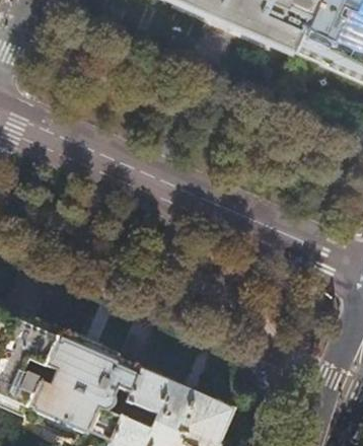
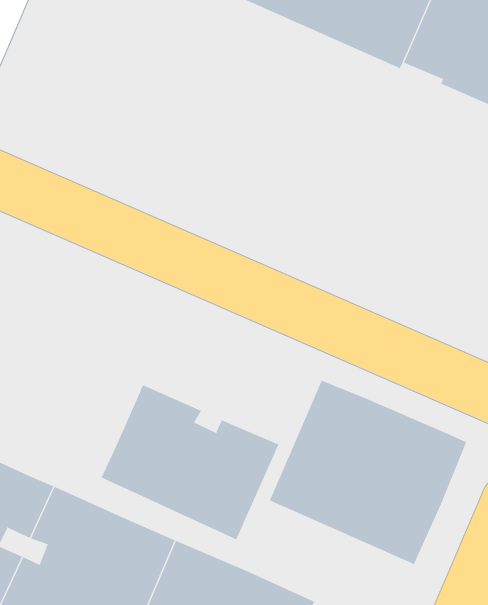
building: none -> [269,380,467,565]
building: none -> [101,385,279,540]

